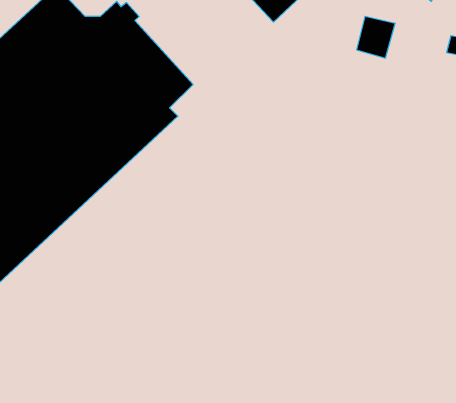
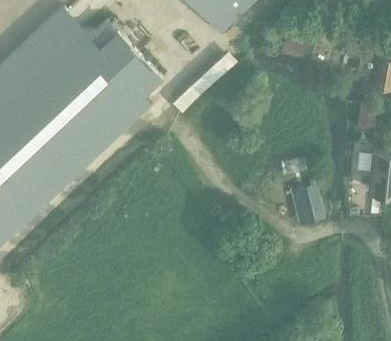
building: none -> [297,189,323,224]

